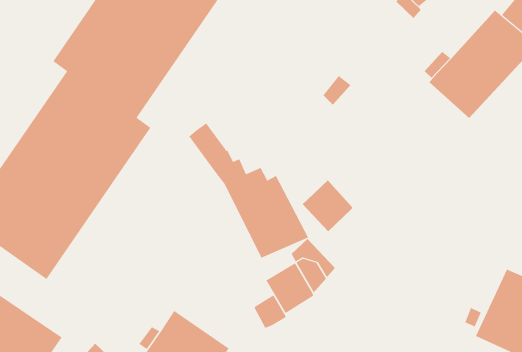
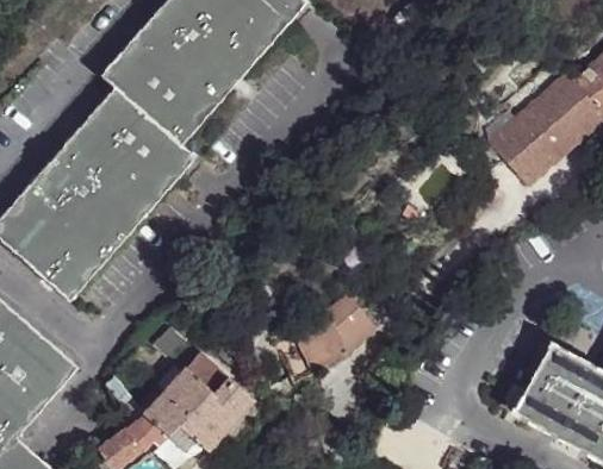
building: [189,123,309,259] -> none
building: [302,180,353,232] -> none

